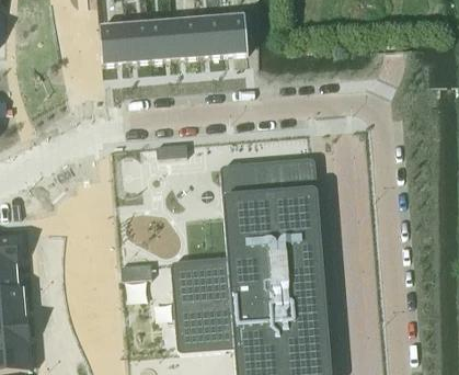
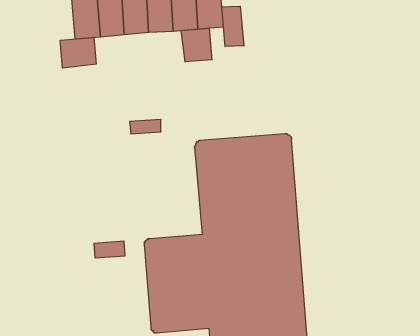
building: none -> [222,6,244,47]
building: none -> [181,28,212,62]
building: none -> [60,37,96,68]

